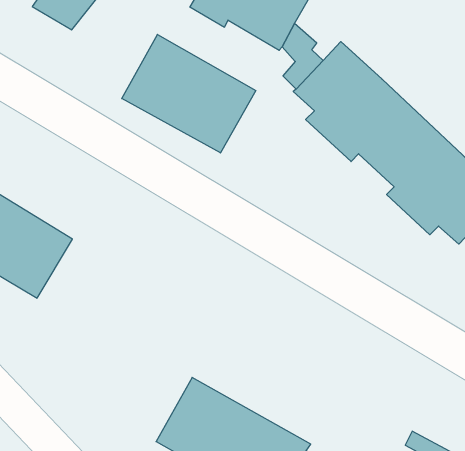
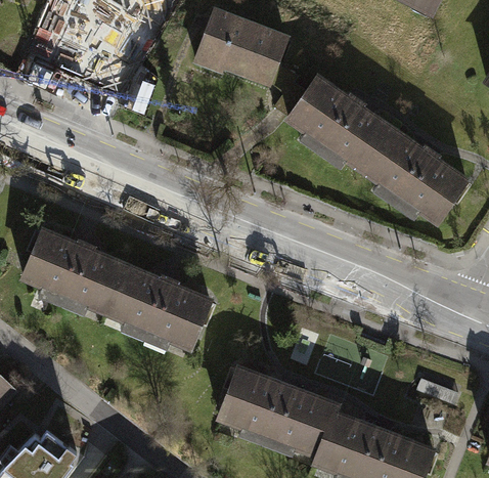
building: [122,34,256,153] -> none
building: none -> [102,265,211,353]

